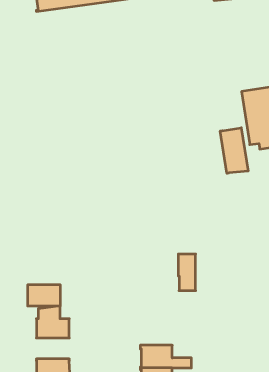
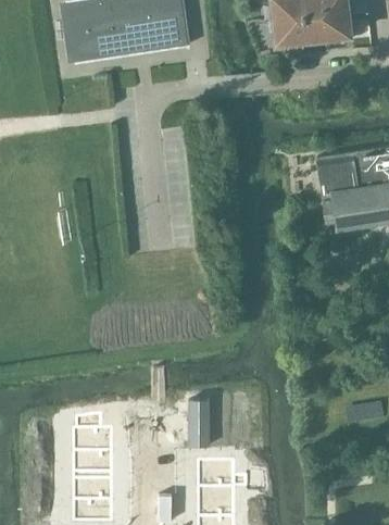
building: [220,128,248,173] -> none
building: [178,254,196,291] -> [189,400,210,443]
building: [28,285,60,306] -> [74,451,113,476]

